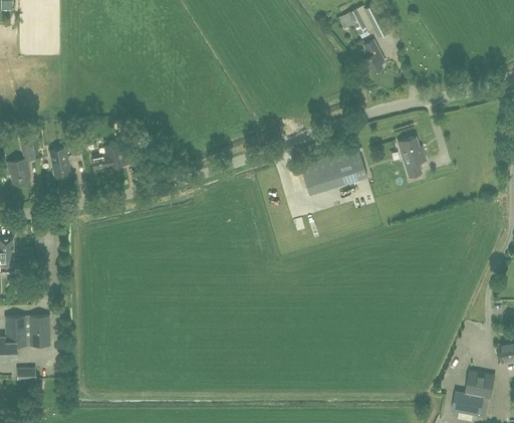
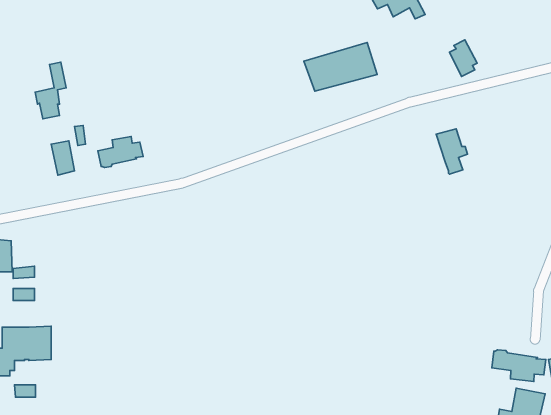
building: [359,40,384,73] -> [449,40,477,76]
building: [7,136,35,187] -> [35,62,66,119]
building: [301,148,367,192] -> [304,42,377,91]
building: none -> [492,350,546,381]

